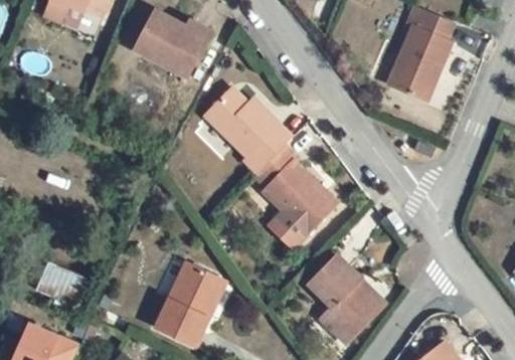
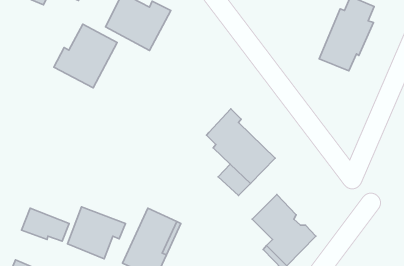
building: none -> [54,24,117,88]
building: [206,88,290,174] -> none
building: none -> [67,207,126,259]

